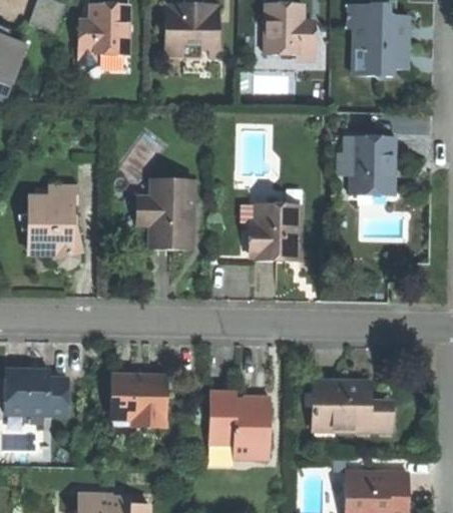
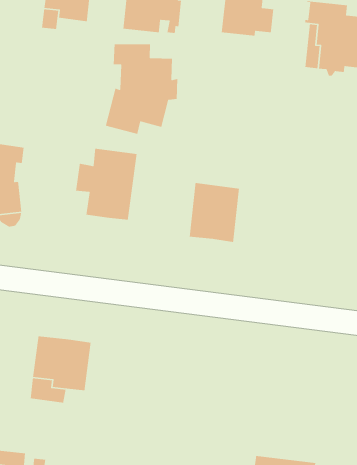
building: none -> [105,44,178,135]
building: [349,137,395,194] -> none
building: [313,379,386,428] -> none
building: [206,391,269,460] -> none

